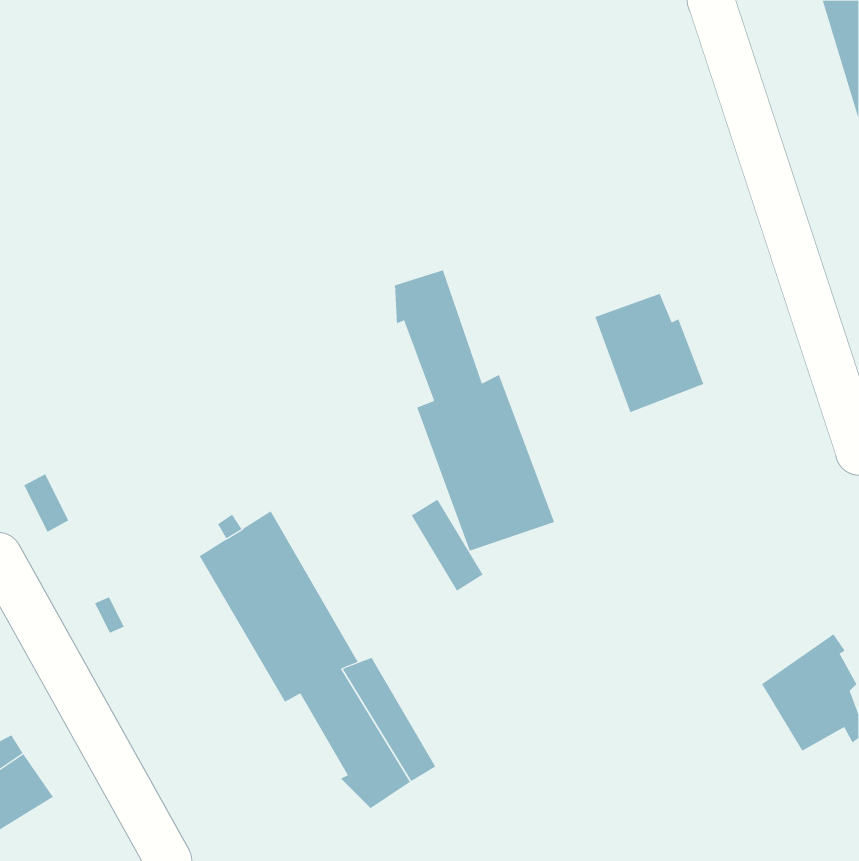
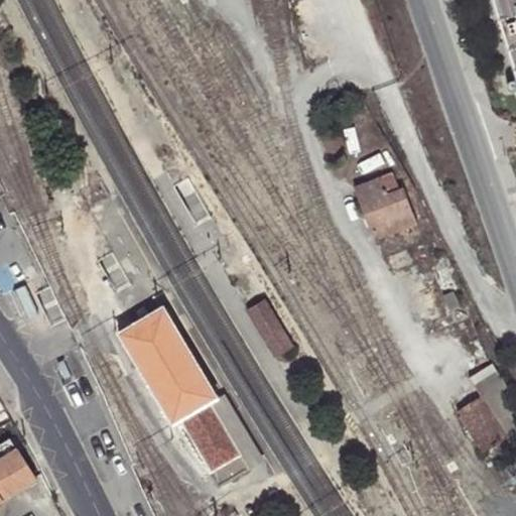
building: [394,270,555,551] -> none

